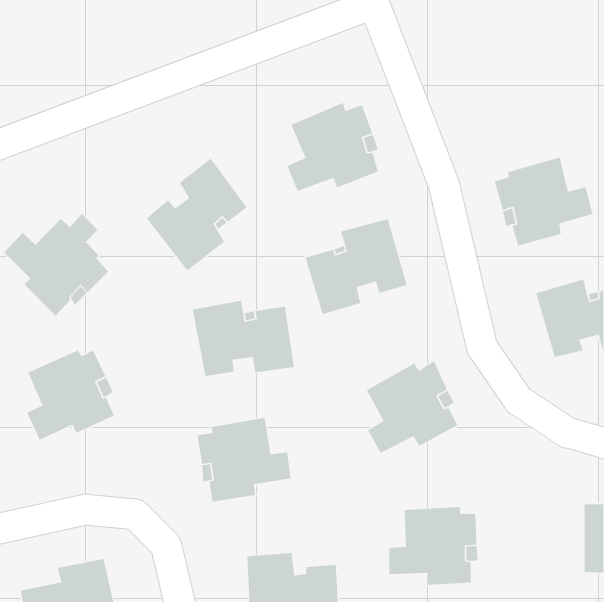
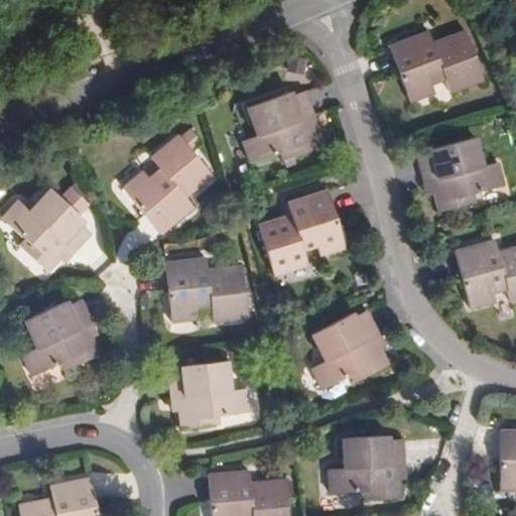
building: none -> [389,27,484,99]

